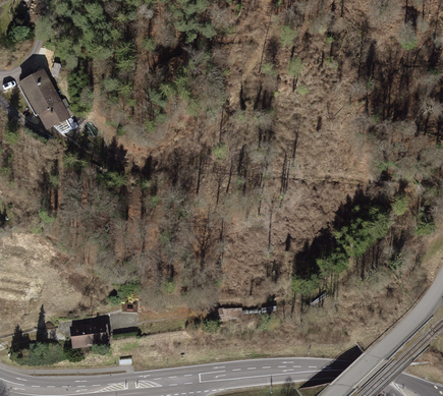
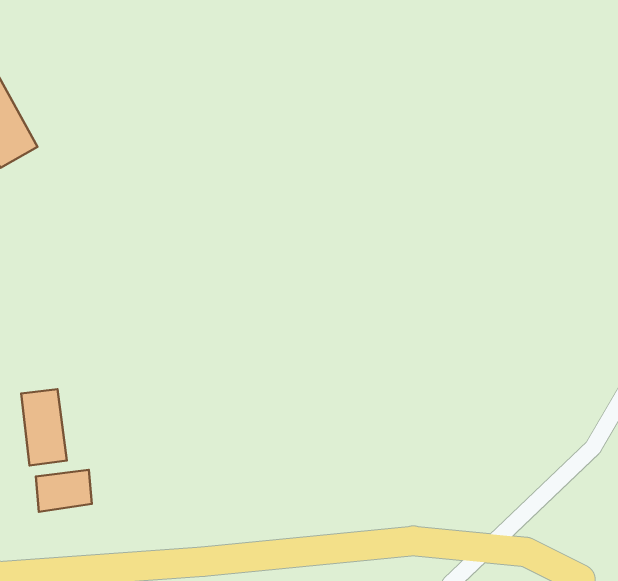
building: none -> [21,389,67,466]

